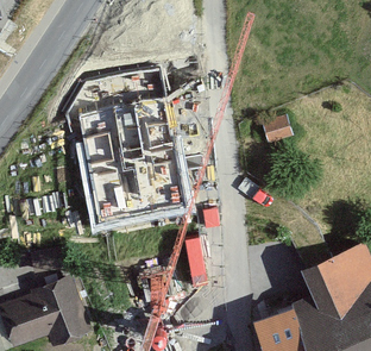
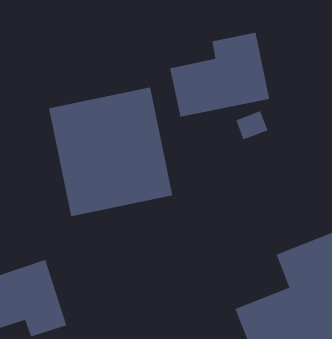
building: none -> [170,32,270,117]

